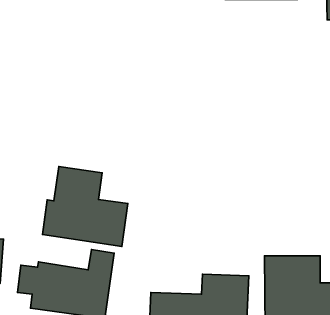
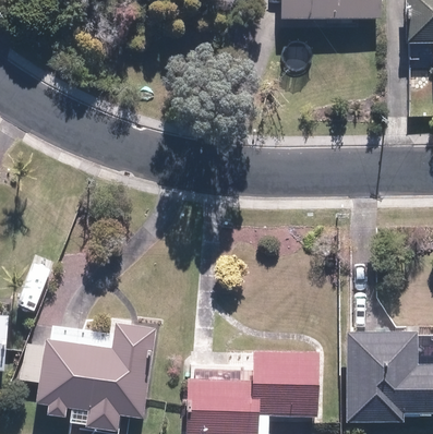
building: [42,167,128,246] -> none

